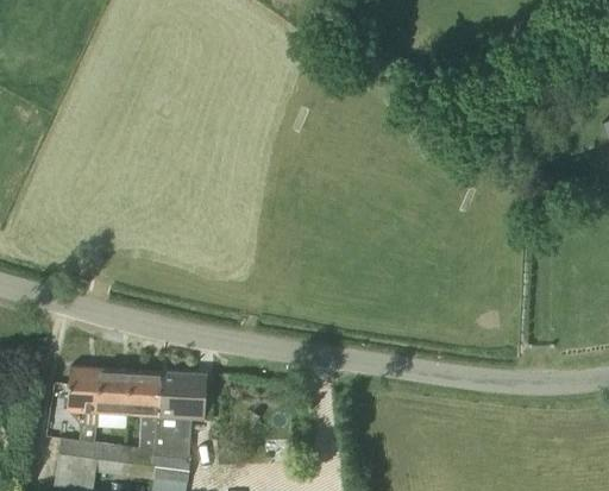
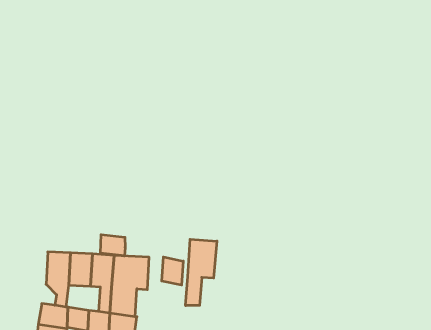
building: none -> [101,235,125,256]
building: none -> [186,239,217,306]
building: none -> [162,257,183,285]

